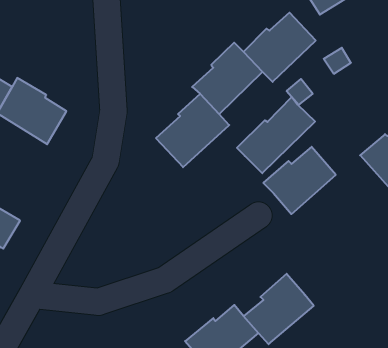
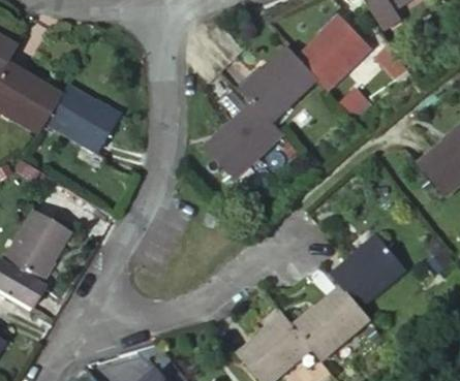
building: [237,97,315,173] -> none
building: [263,147,336,214] -> [331,237,405,307]

